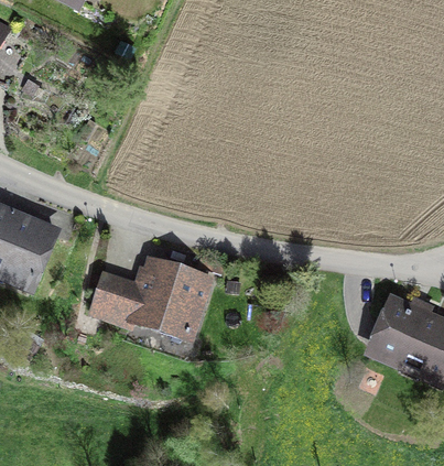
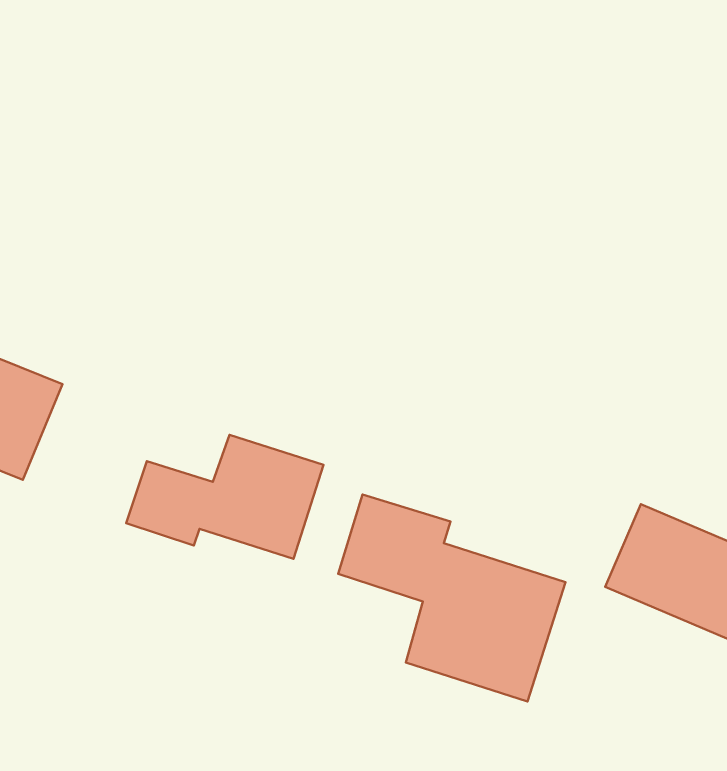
building: none -> [338,495,566,701]

